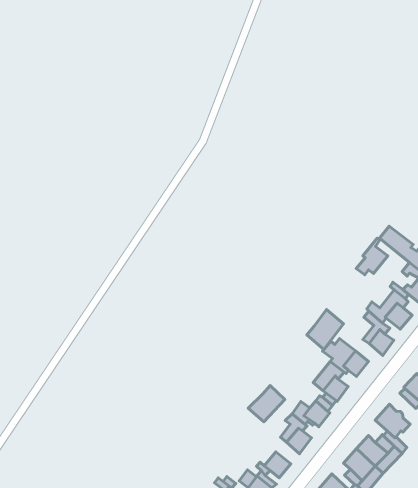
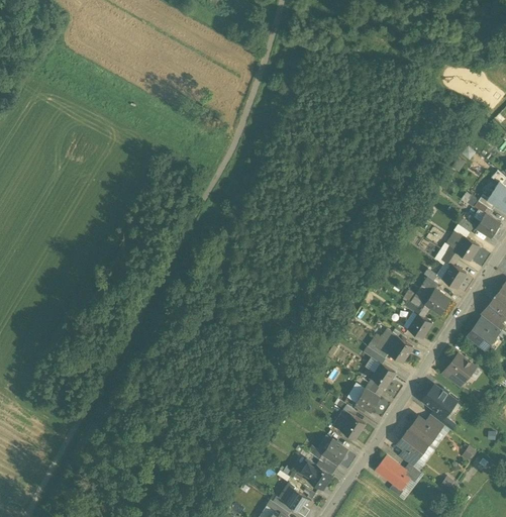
building: [356,238,388,275] -> none
building: [307,309,344,349] -> none
building: [248,385,285,422] -> none

